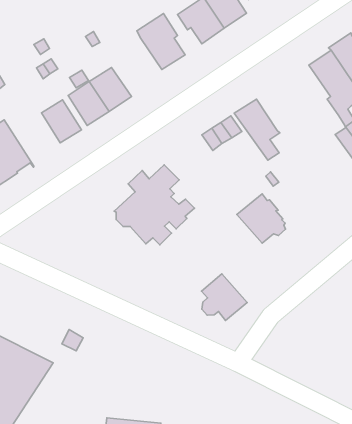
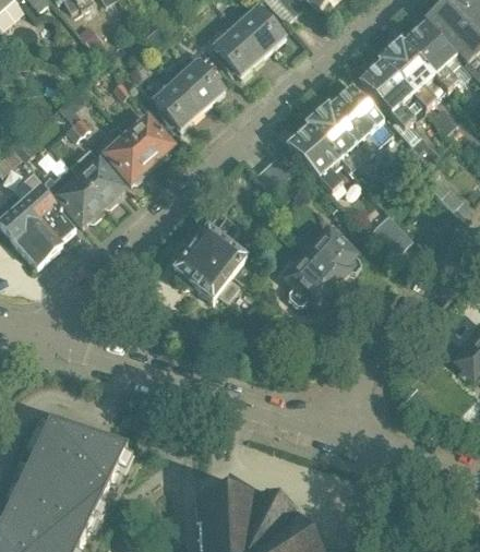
building: none -> [152,79,201,129]
building: none -> [304,88,391,170]
building: none -> [43,165,103,224]
building: none -> [370,212,410,253]
building: [201,274,247,321] -> [285,254,336,304]

